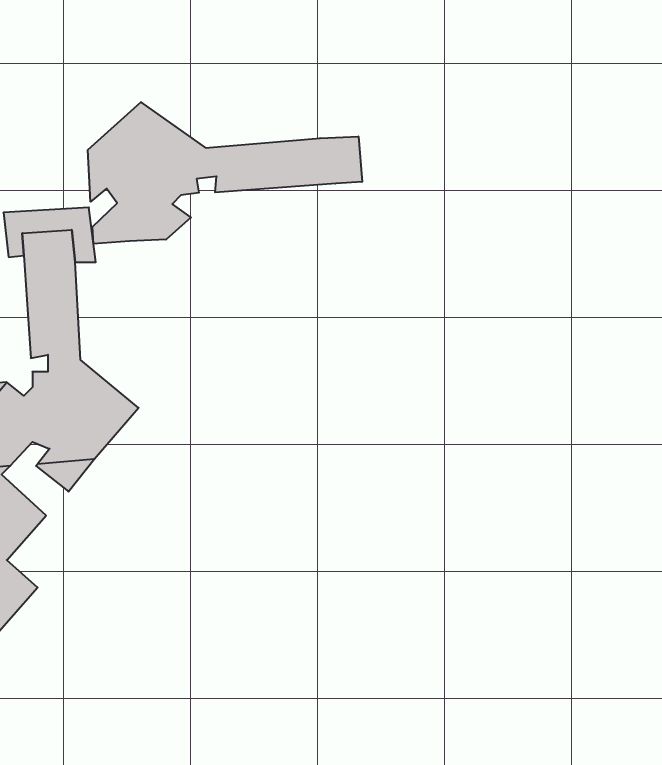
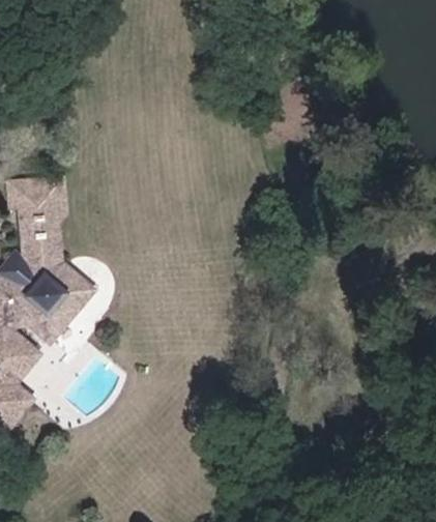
building: [88,102,362,244] -> none

